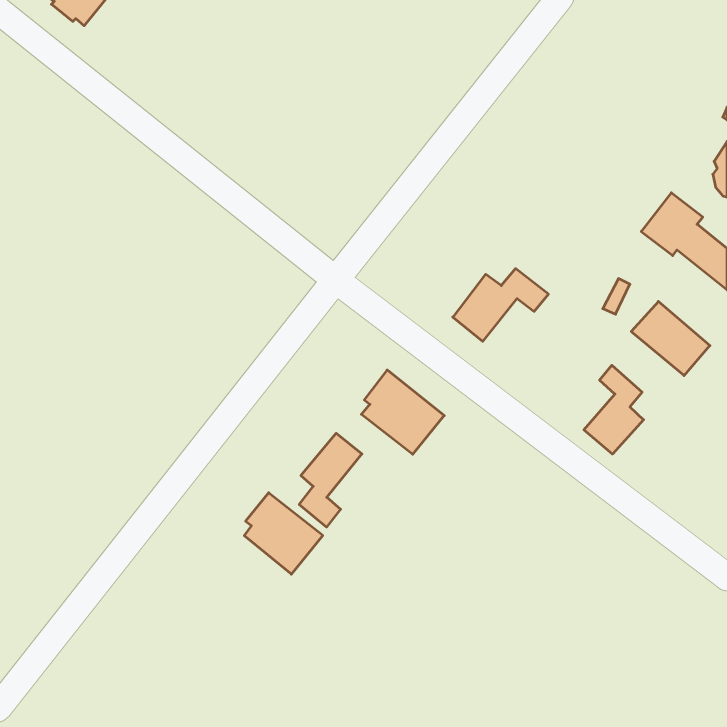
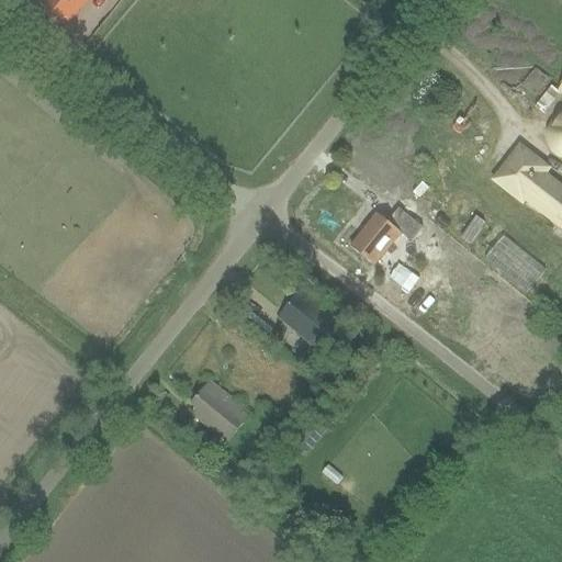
building: [584,365,644,454] -> none
building: [299,433,362,527] -> none

